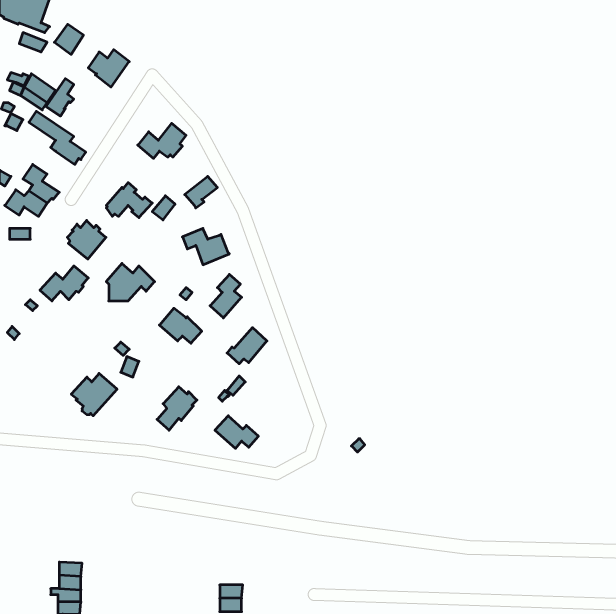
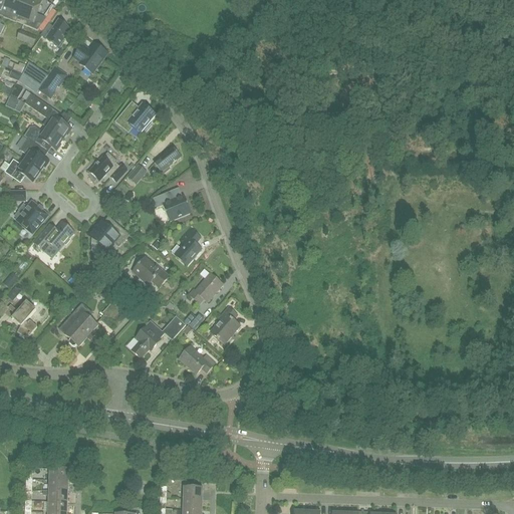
building: none -> [27,125,62,149]
building: [67,220,106,259] -> [15,200,47,232]
building: none -> [11,300,36,336]
building: none -> [210,306,239,342]

